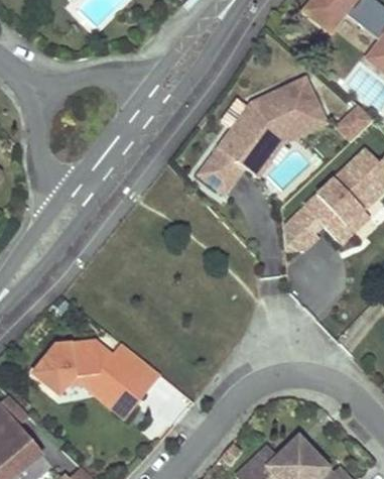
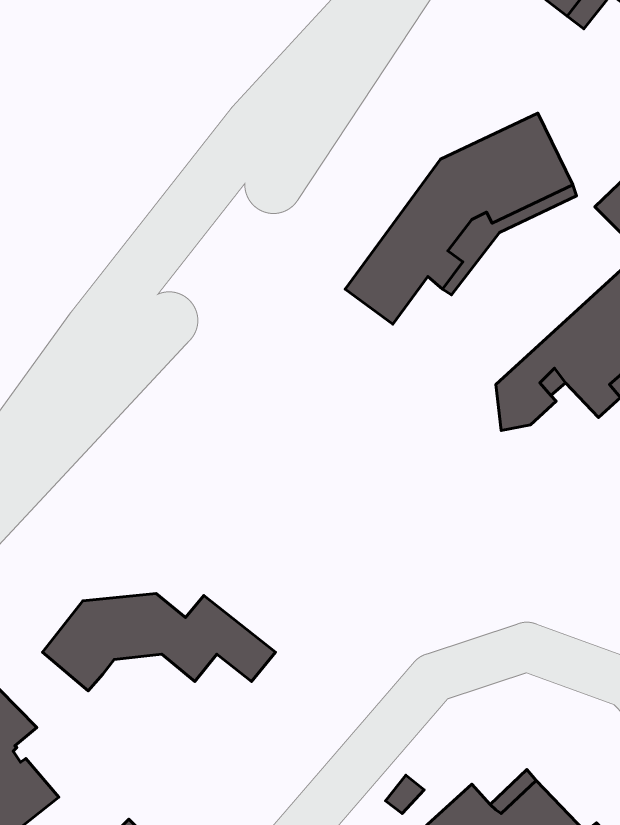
building: [66,374,147,417] -> none

